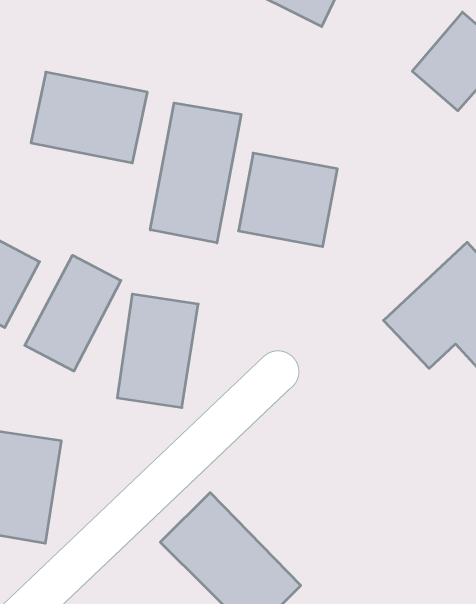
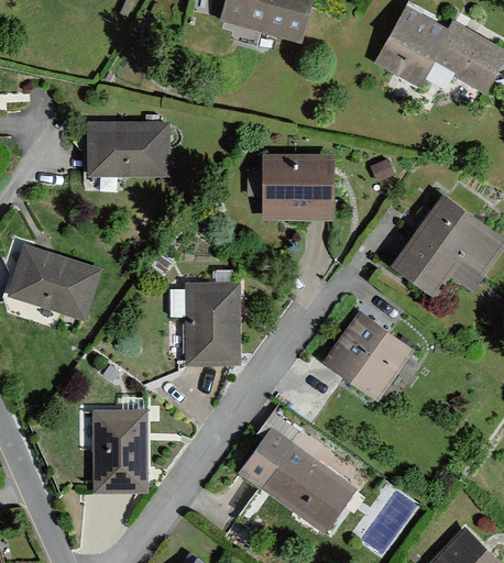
building: [150,103,241,243] -> none
building: [25,255,121,371] -> none
building: none -> [324,310,417,404]

